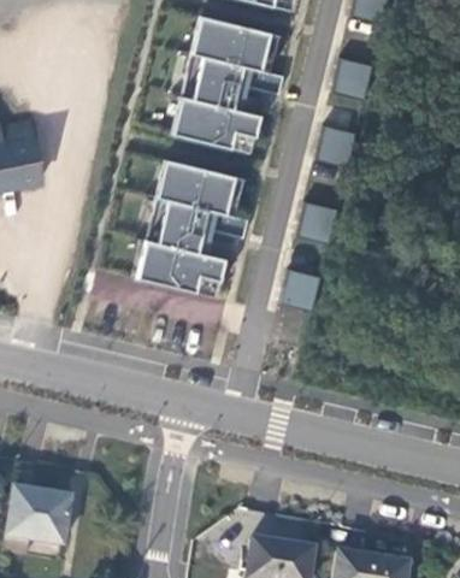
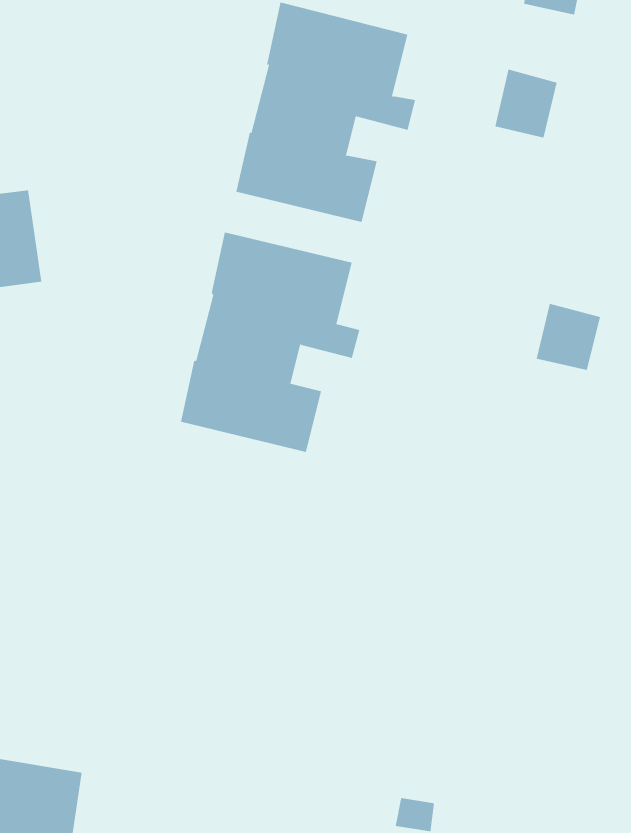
building: [314,124,355,166] -> none
building: [295,201,336,243] -> [536,303,601,370]
building: [279,269,320,311] -> none

